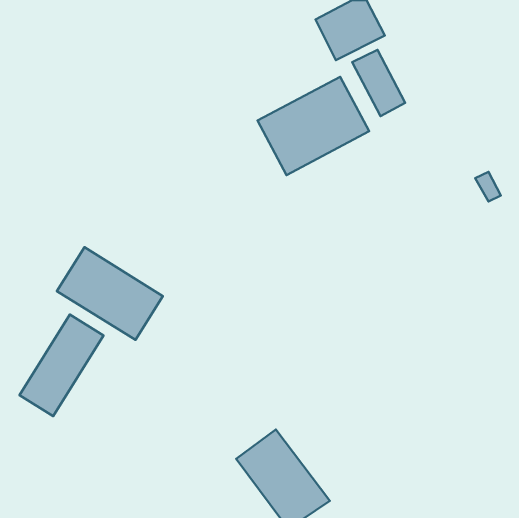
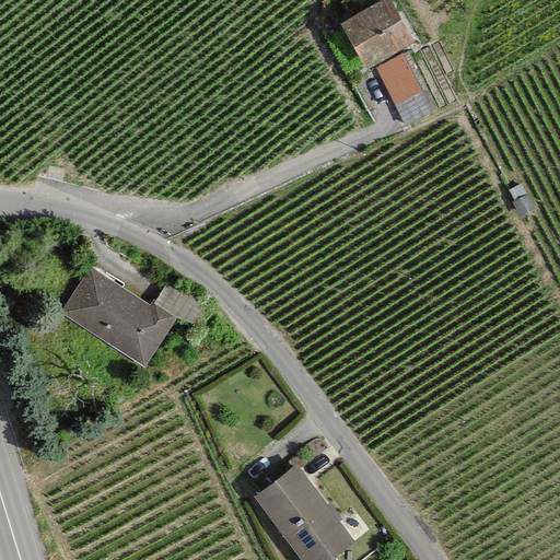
building: [257,77,369,175] -> none
building: [20,315,104,416] -> none

